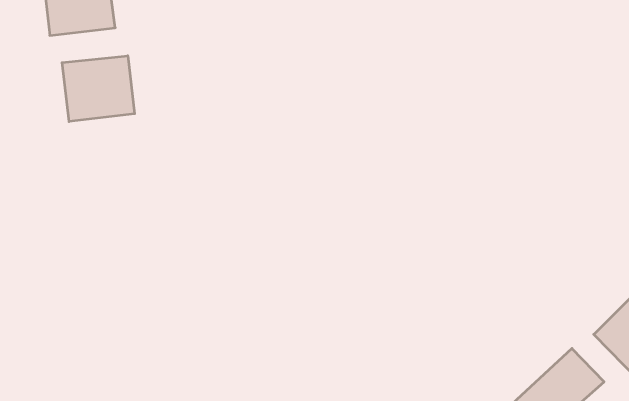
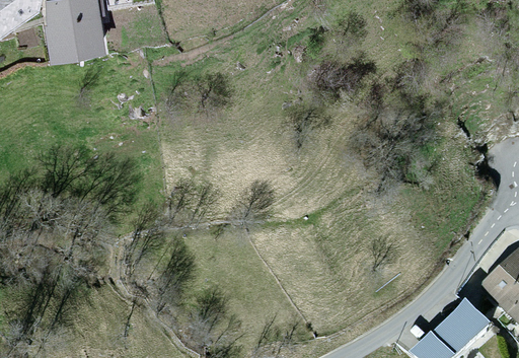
building: [62,56,135,122] -> none

